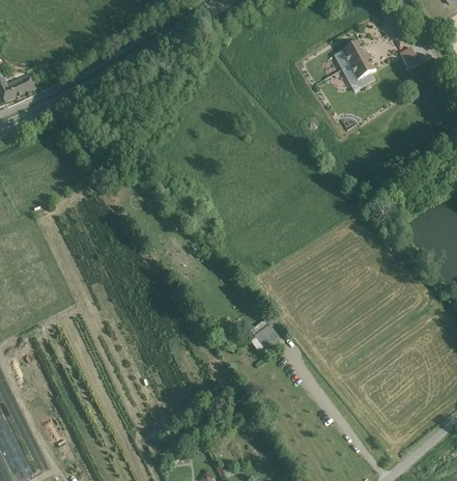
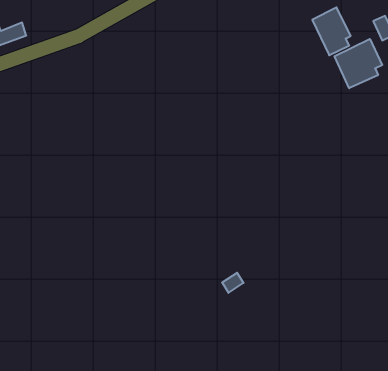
building: none -> [335,39,382,88]

